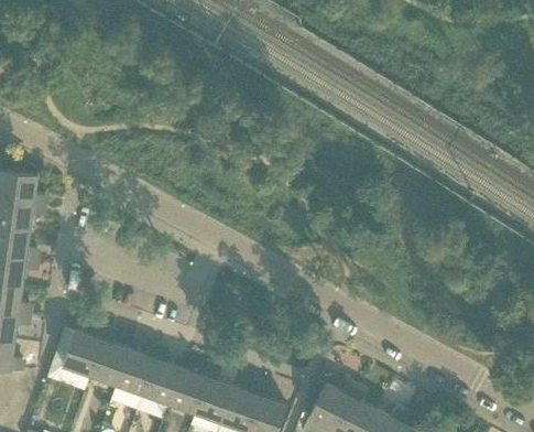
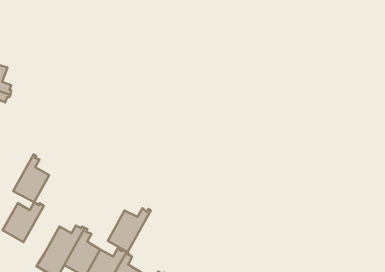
building: none -> [108,208,151,252]
building: [88,330,127,385] -> [13,155,49,202]

